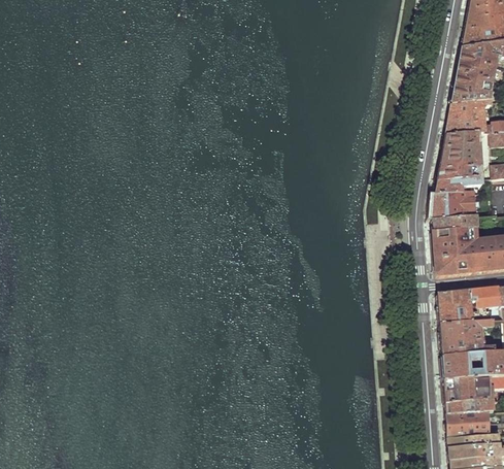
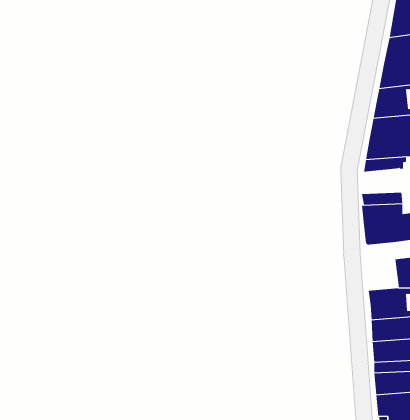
building: [433,191,477,219] -> none
building: [439,290,473,324] -> none

